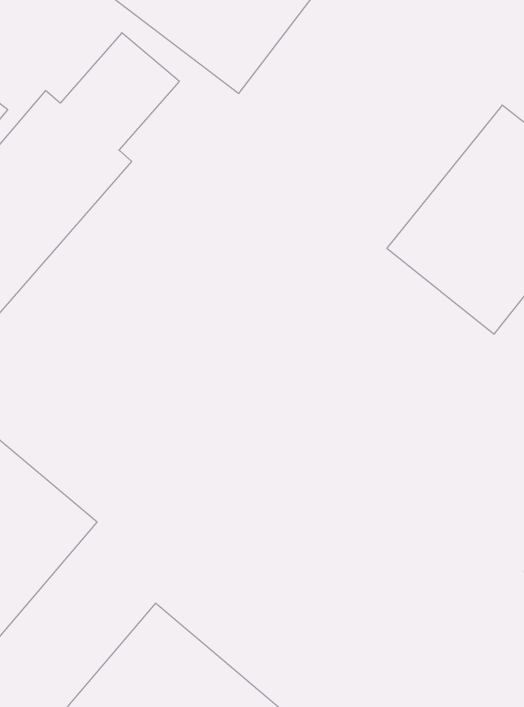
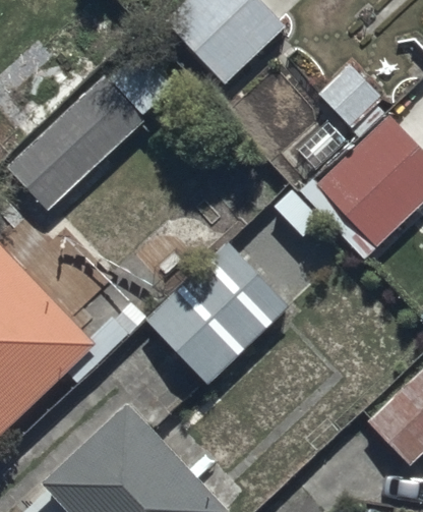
building: none -> [147,240,295,385]

